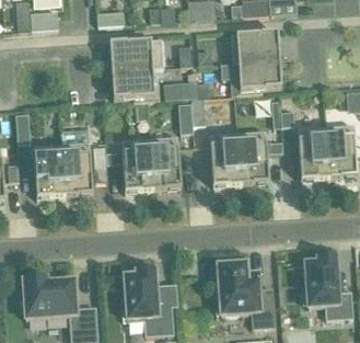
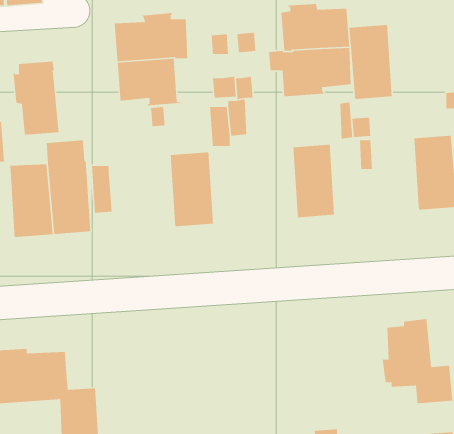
building: none -> [12,61,60,135]
building: [297,125,328,180] -> [349,24,392,100]
building: [209,132,241,185] -> none
building: [120,137,152,191] -> none
building: [214,262,274,327] -> none
building: [121,268,173,334] -> none

